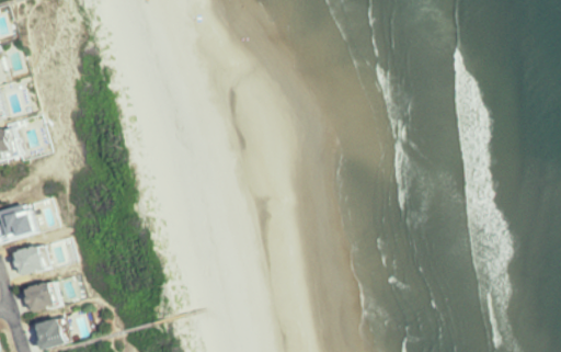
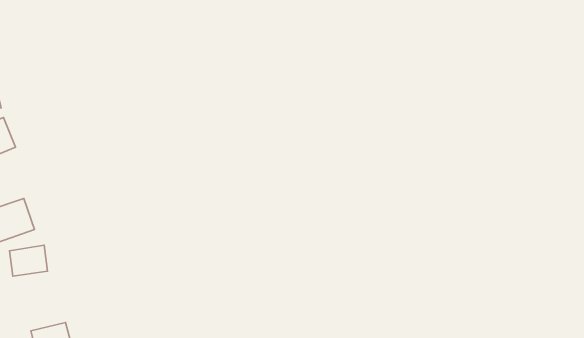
building: [21,281,57,313] -> none

